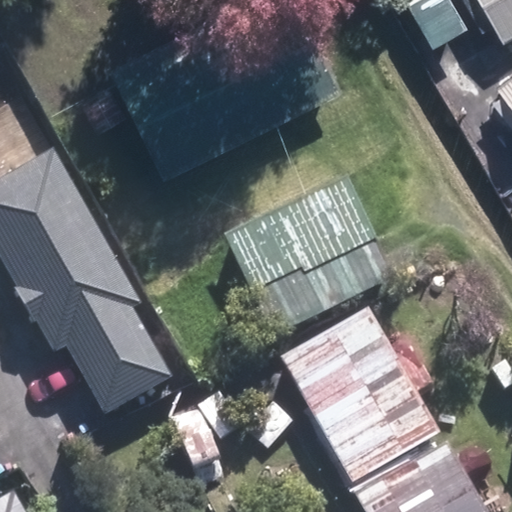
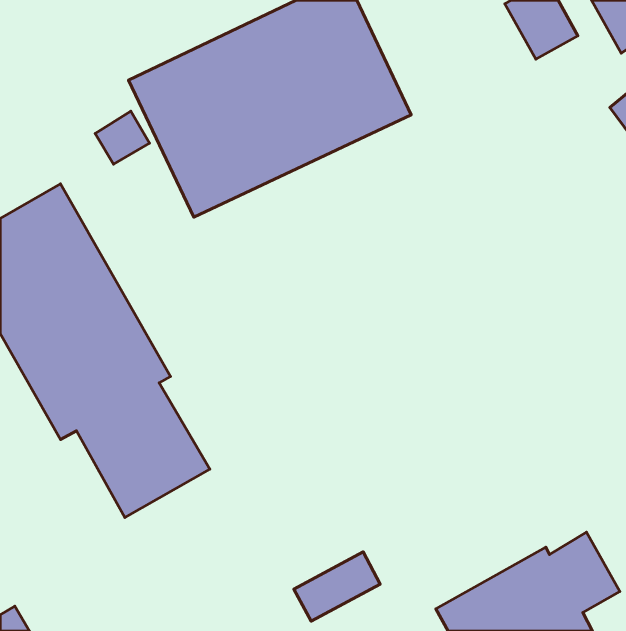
building: [220,177,391,337] -> none
building: [281,307,438,484] -> none

